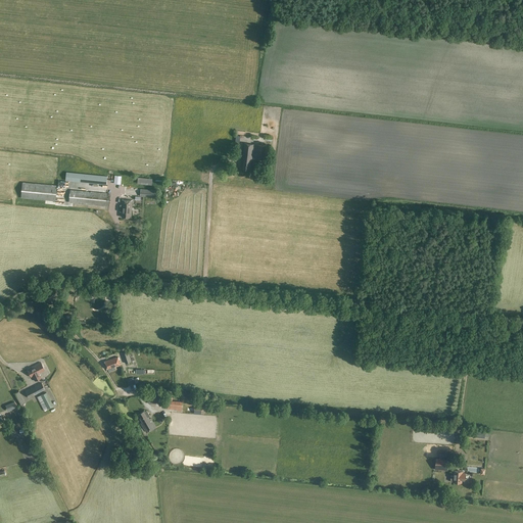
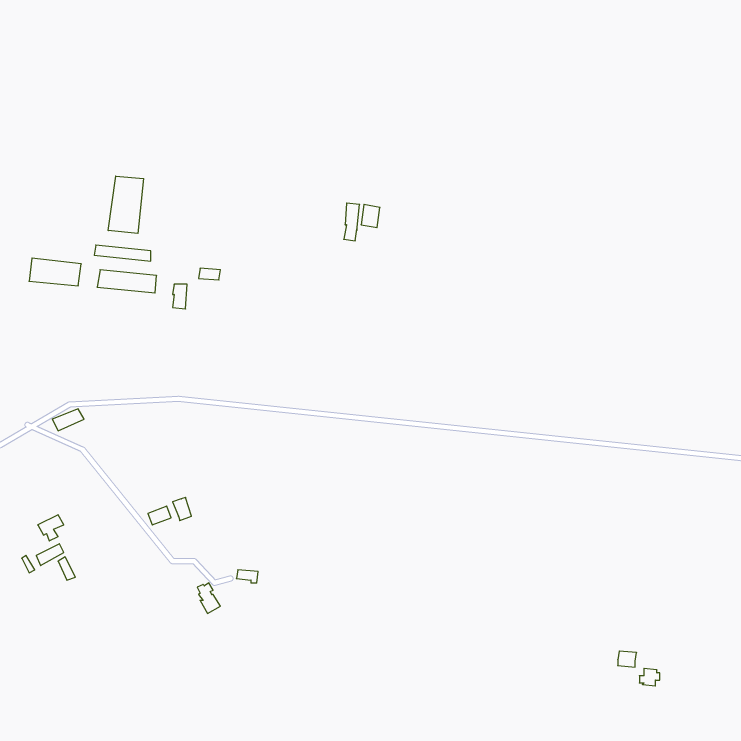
building: none -> [108,176,144,233]

